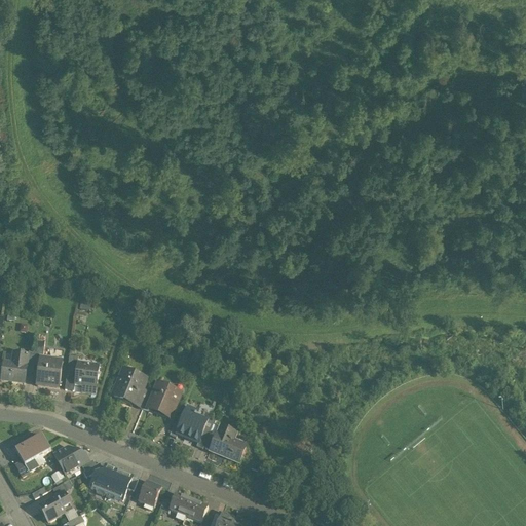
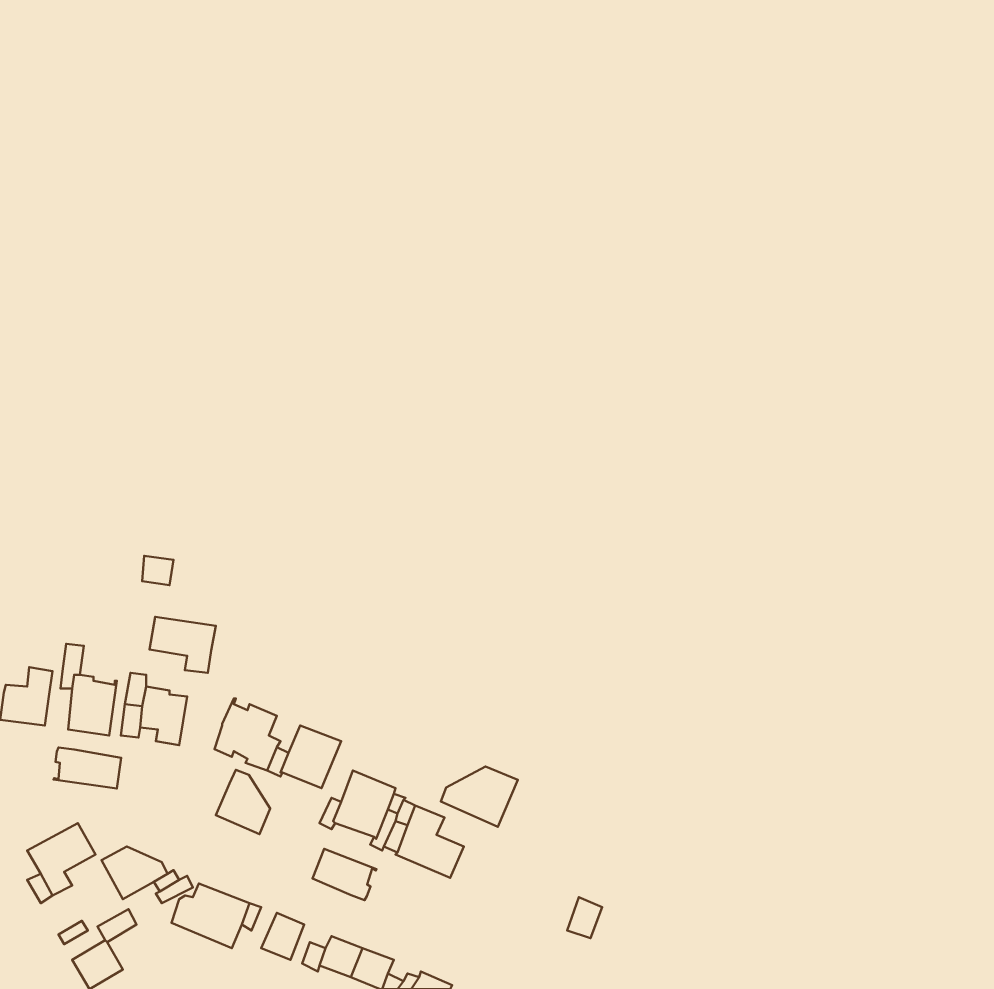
building: none -> [150,617,216,673]
building: none -> [53,747,121,789]
building: none -> [441,767,518,827]
building: none -> [216,770,270,834]
building: none -> [313,849,377,900]

